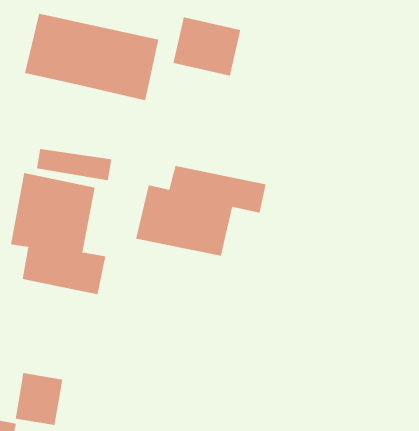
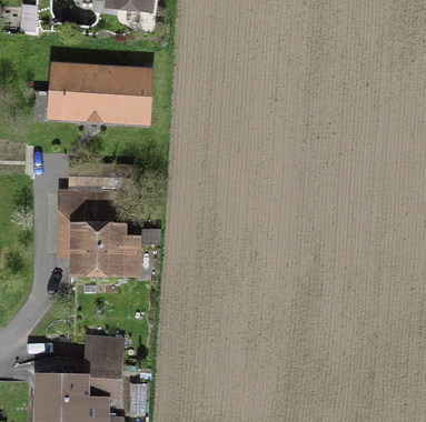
building: [173,16,241,77] -> none
building: [136,165,266,257] -> none

